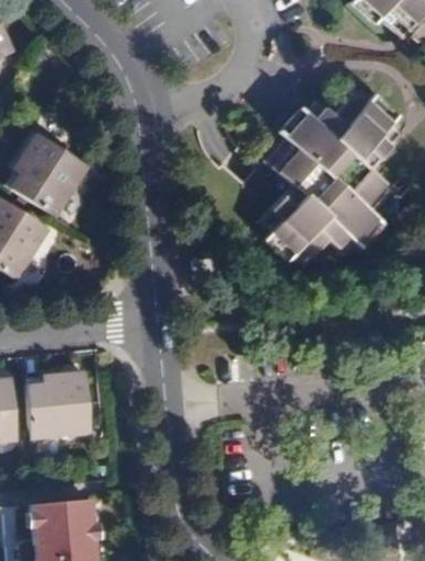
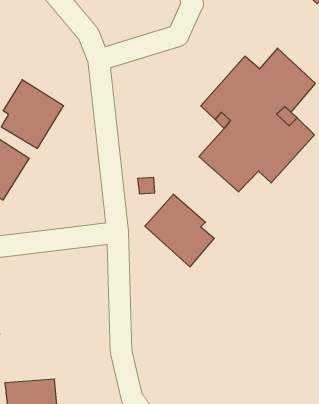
building: none -> [145,194,214,267]
building: [24,376,89,440] -> none

